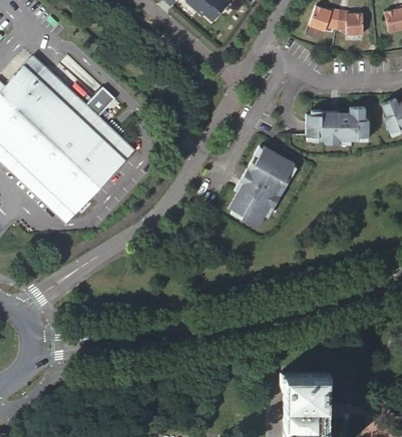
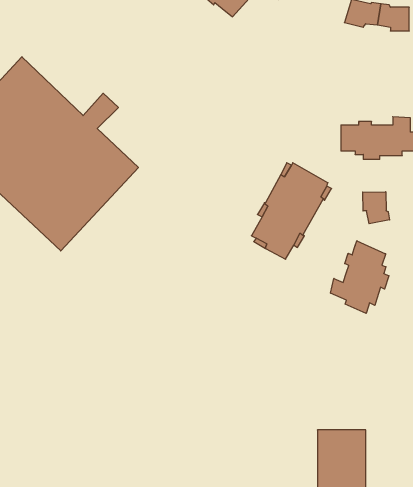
building: none -> [363,192,390,224]
building: none -> [331,241,389,313]

